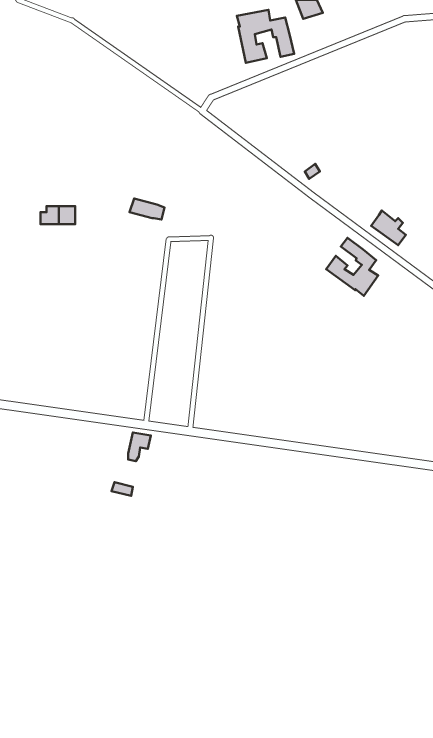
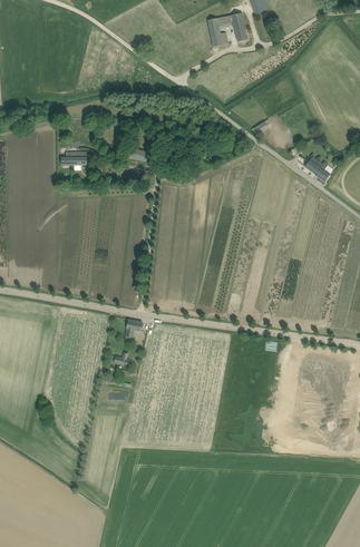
building: [326,238,378,296] -> none

